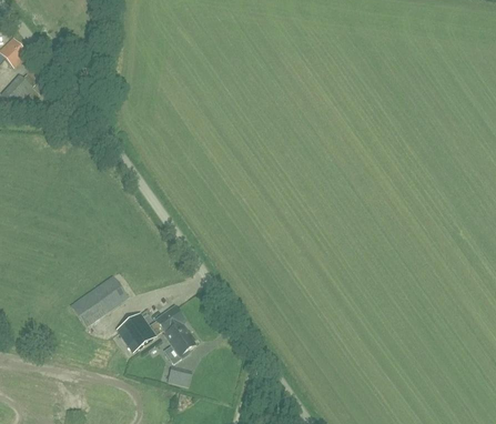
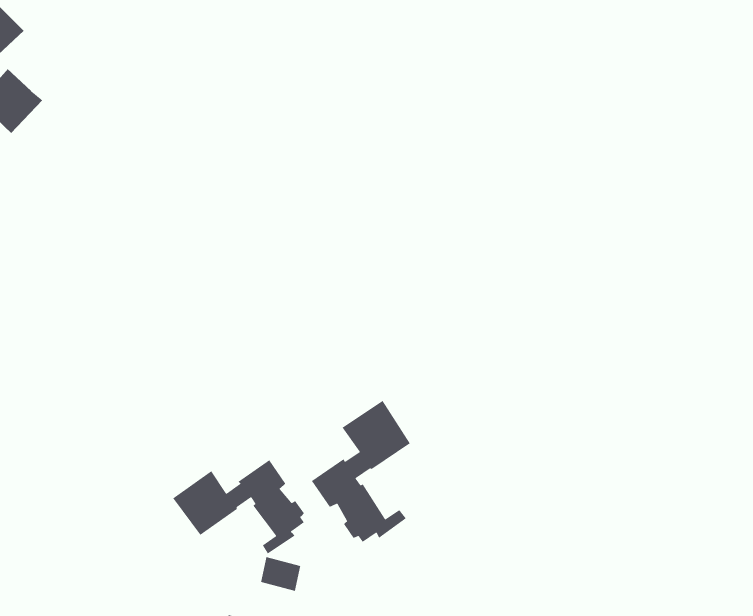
building: none -> [311,400,411,543]
building: [71,274,128,326] -> none

